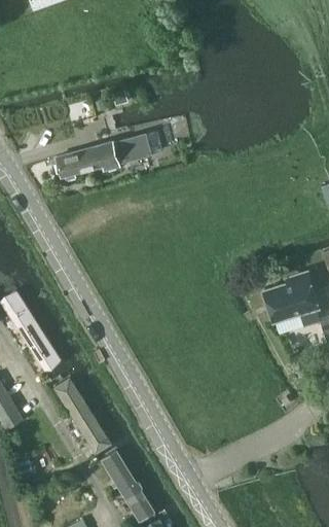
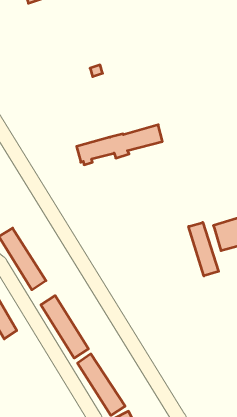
building: [58,131,163,180] -> [77,125,162,165]
building: none -> [189,222,219,276]

